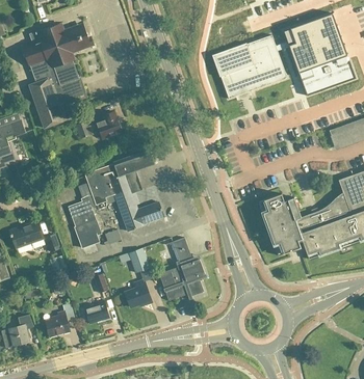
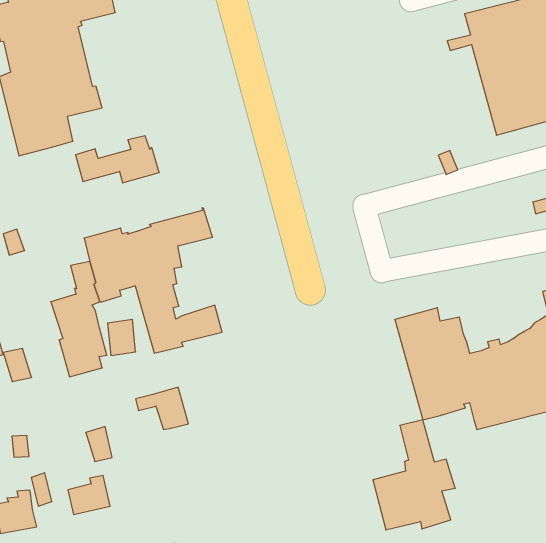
building: [212,34,286,99] -> none
building: [159,238,205,300] -> [373,420,455,530]
building: [125,279,152,306] -> none

